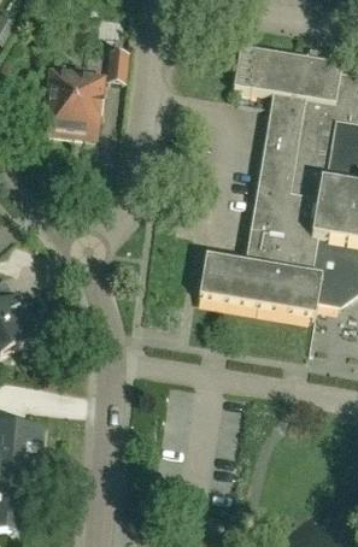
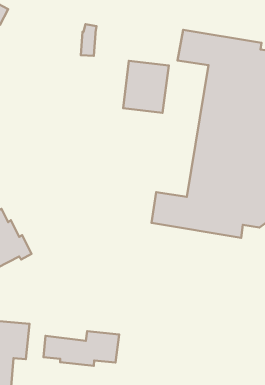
building: [43,67,102,135] -> [123,61,169,113]
building: none -> [43,331,119,366]

